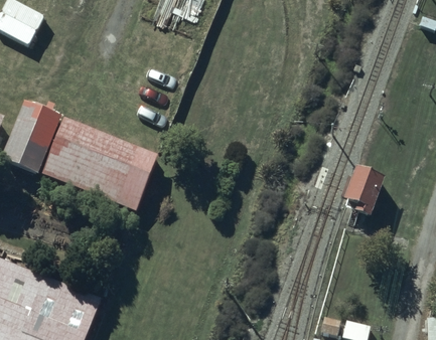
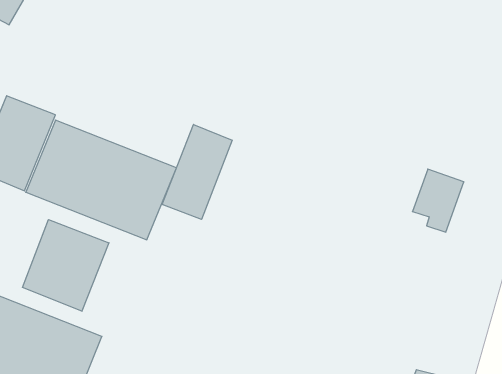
building: none -> [162,124,232,219]
building: none -> [23,220,109,311]

